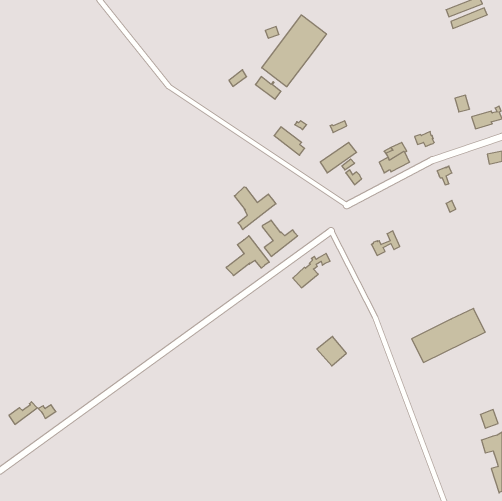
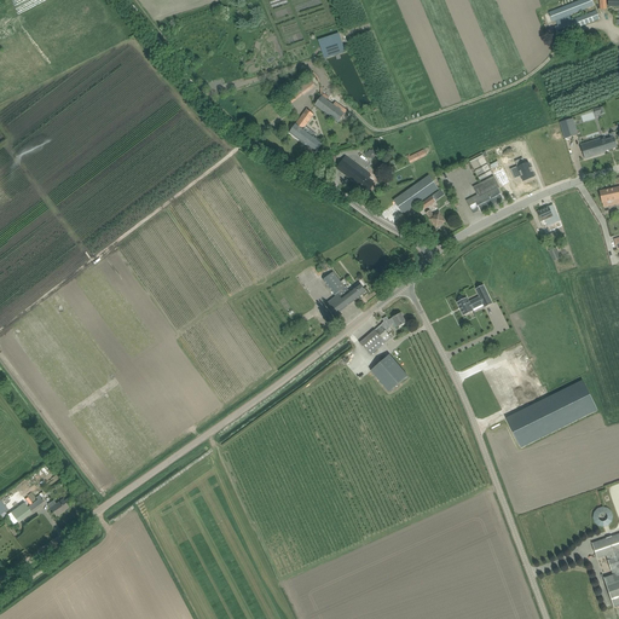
building: [262,15,326,87] -> none
building: none -> [290,108,323,151]
building: [234,187,276,230] -> none
building: [226,236,269,276] -> none
building: [317,336,346,366] -> [371,354,407,391]

